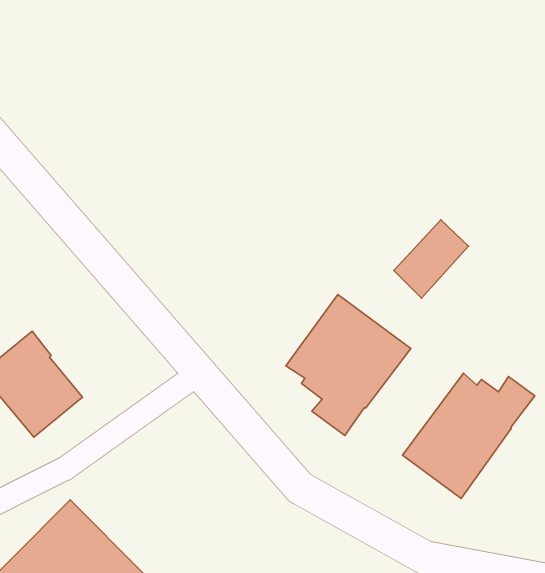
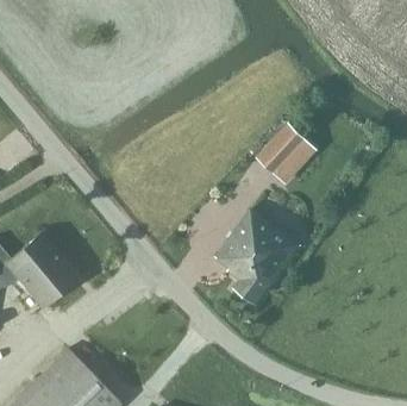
building: [394,220,469,298] -> [257,124,308,177]
building: [403,373,535,498] -> none

